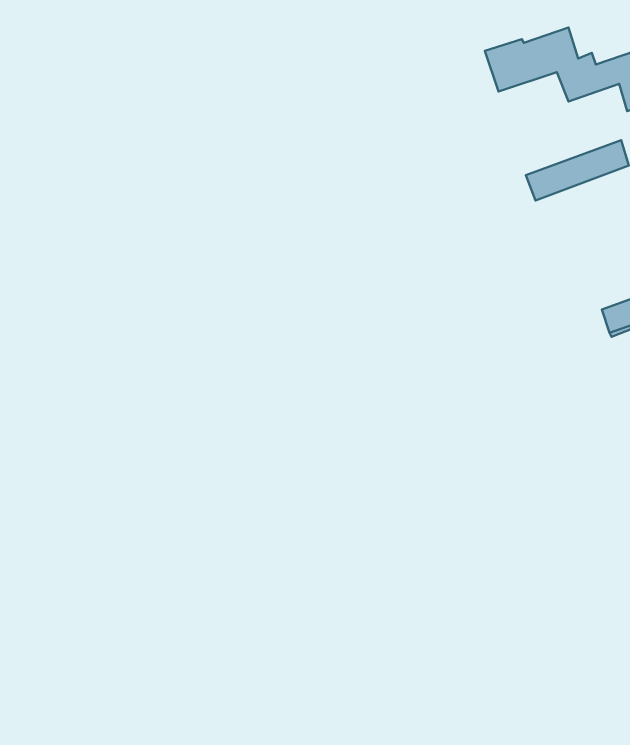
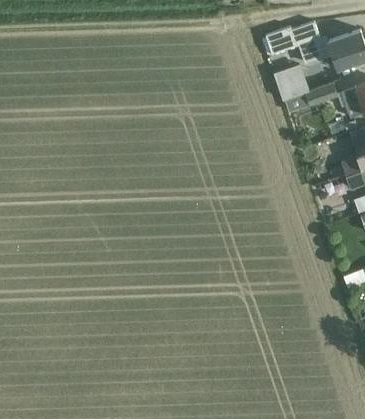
building: none -> [274,64,309,100]

